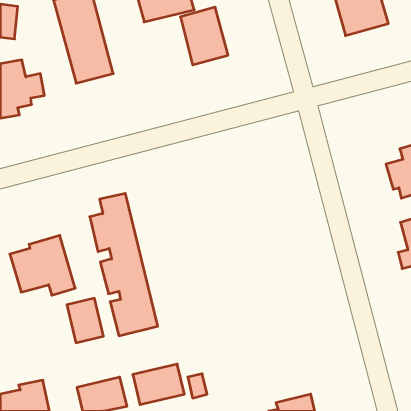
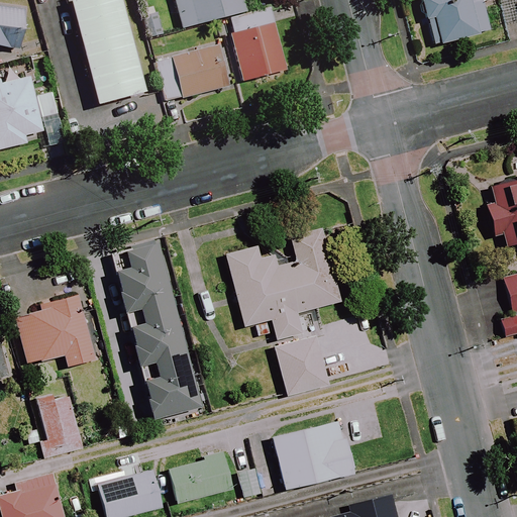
building: none -> [156,45,231,102]
building: none -> [225,229,339,395]
building: [67,298,103,343] -> [36,395,82,450]
building: none -> [274,424,355,489]

